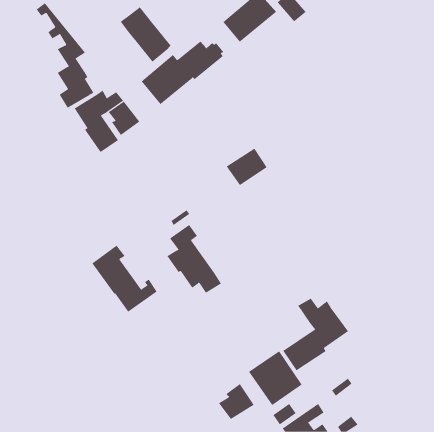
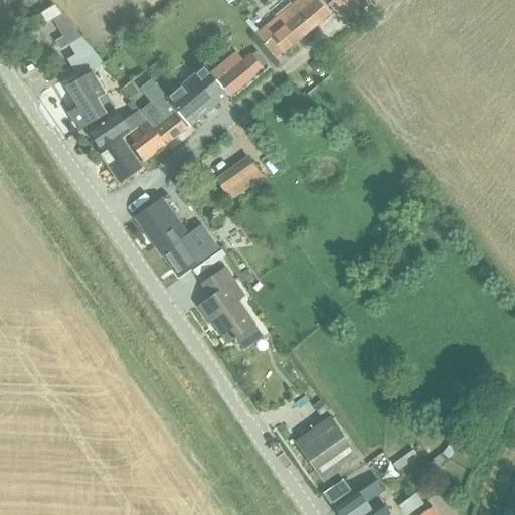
building: [120,6,172,62] -> [128,77,189,144]
building: [226,148,267,186] -> [216,153,266,198]
building: [91,245,158,313] -> [136,194,214,275]
building: [283,298,349,371] -> none
building: [218,383,255,420] -> none

